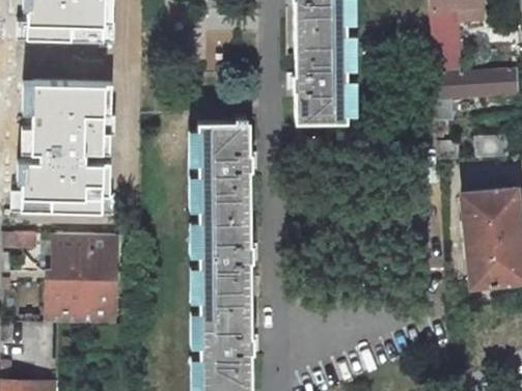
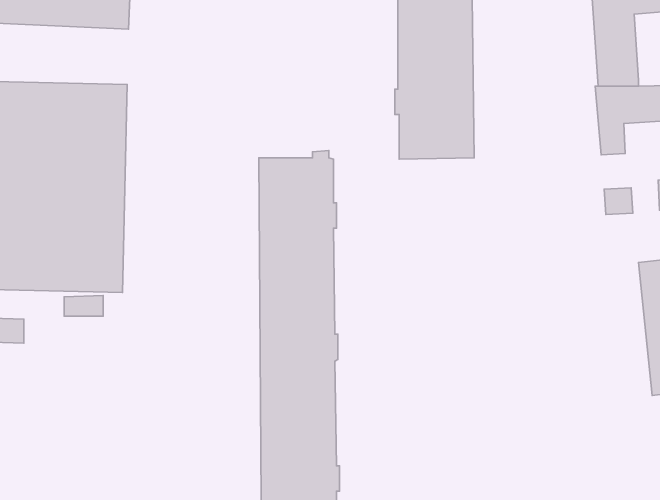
building: [48,233,117,325] -> none

